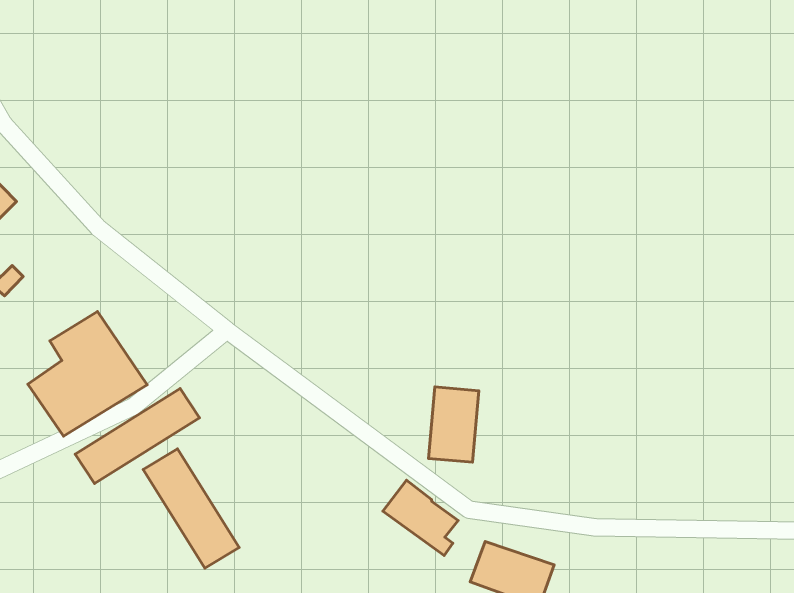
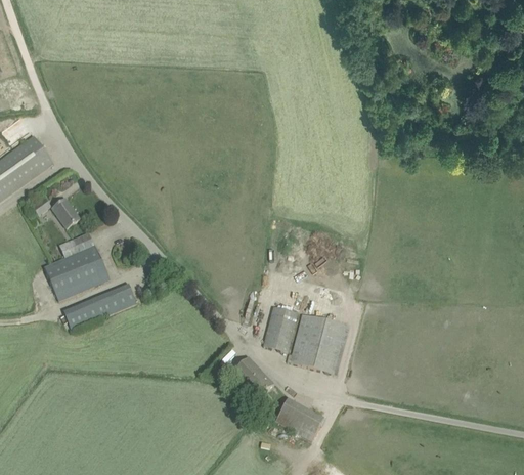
building: none -> [51,200,79,228]
building: none -> [287,312,348,374]
building: [143,449,239,568] -> none

